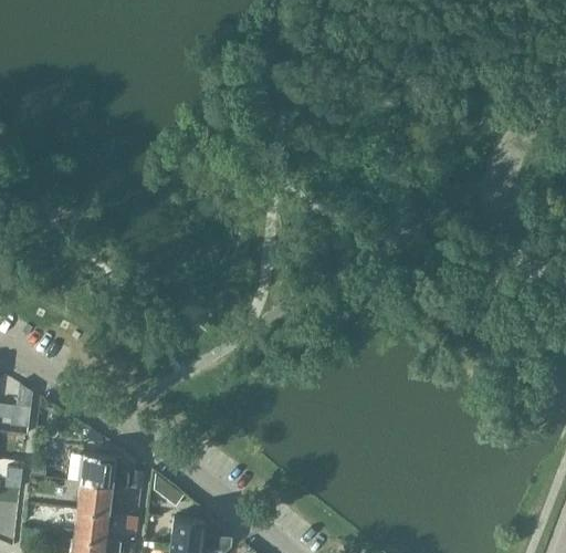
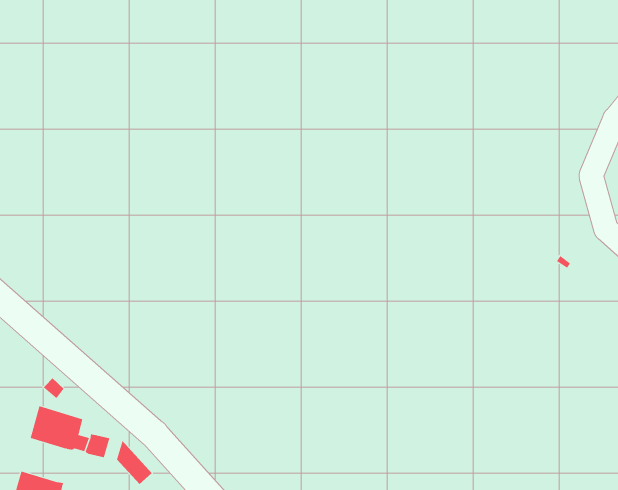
building: [77,482,117,514] -> none

